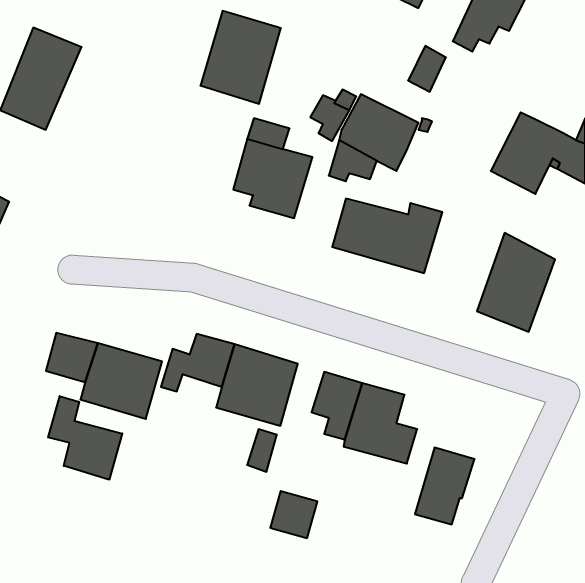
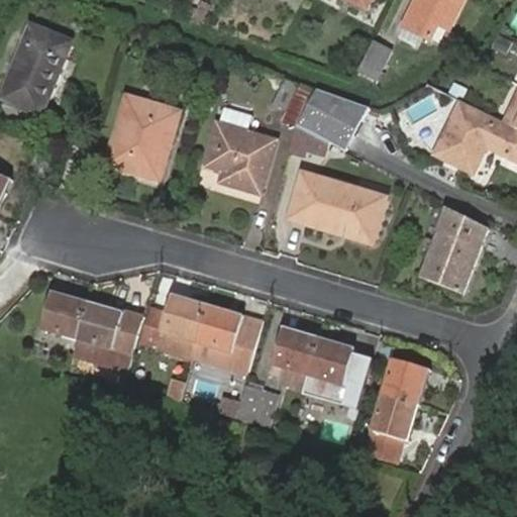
building: [200,11,281,104] -> [107,97,178,179]
building: [48,396,122,480] -> none
building: none -> [382,357,427,404]
building: [270,491,317,538] -> [234,383,276,424]

